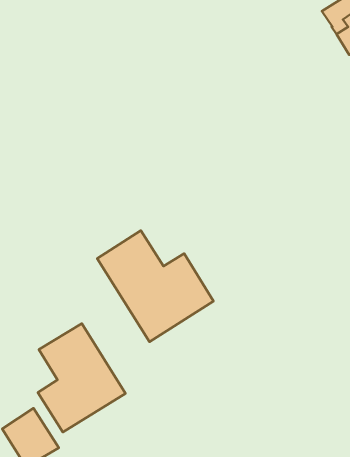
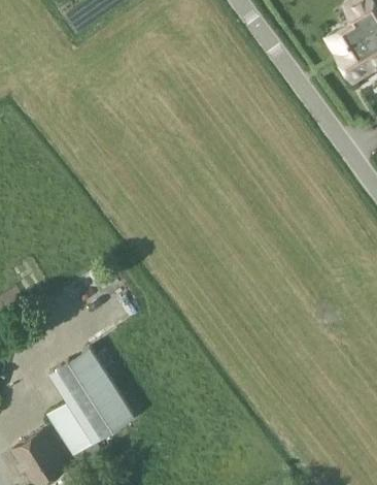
building: [97,230,214,342] -> none

